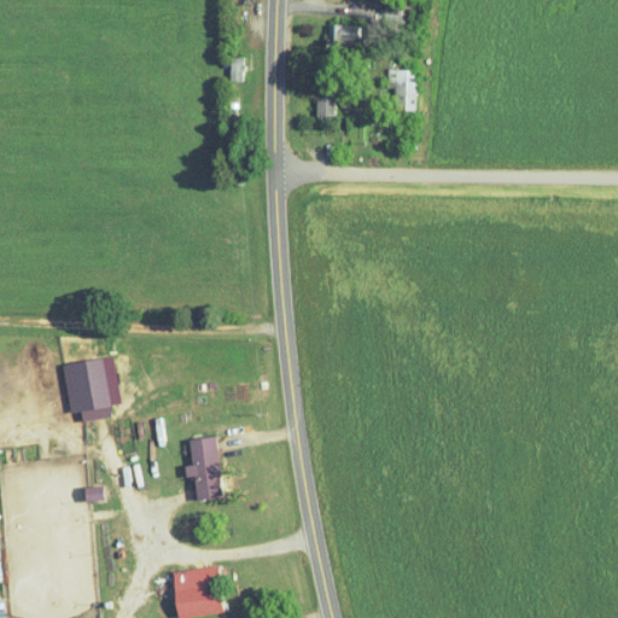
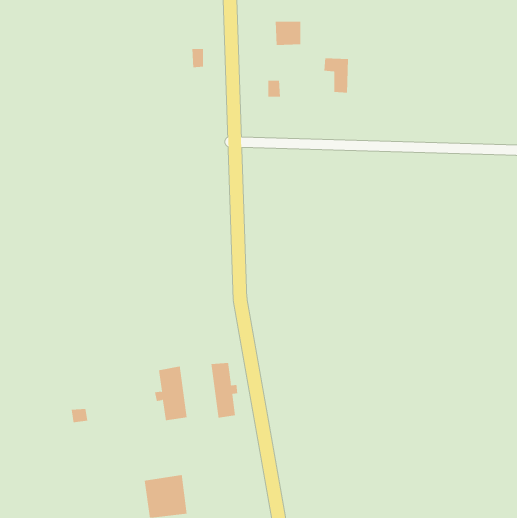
building: [63,358,110,421] -> none
building: none -> [211,362,238,418]

